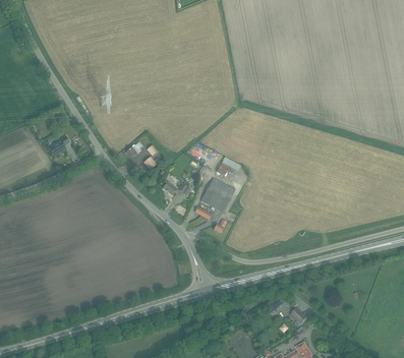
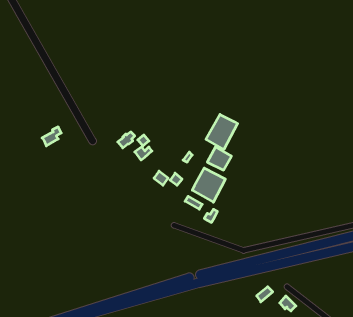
building: none -> [206,114,238,149]

